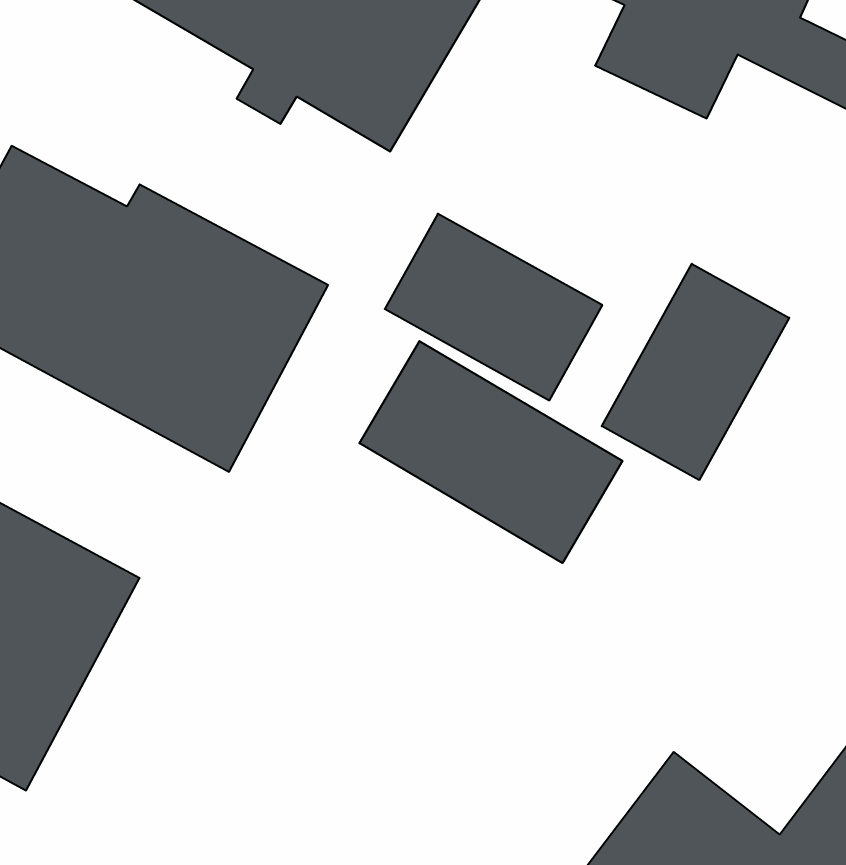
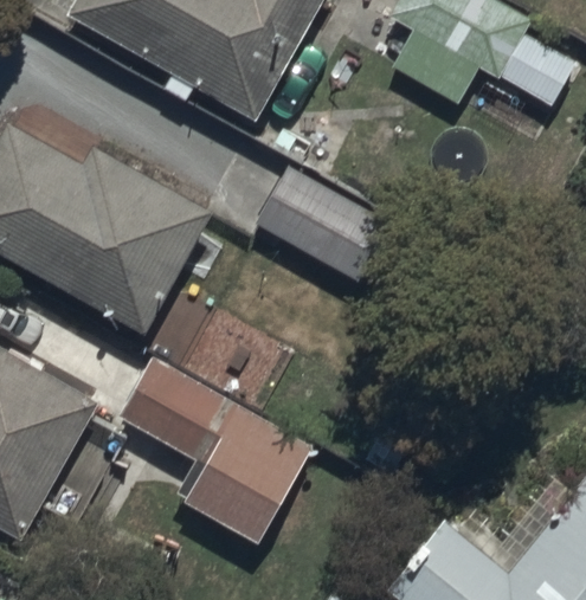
building: [602,264,789,480] -> none
building: [359,341,622,563] -> none
building: none -> [118,355,313,542]

